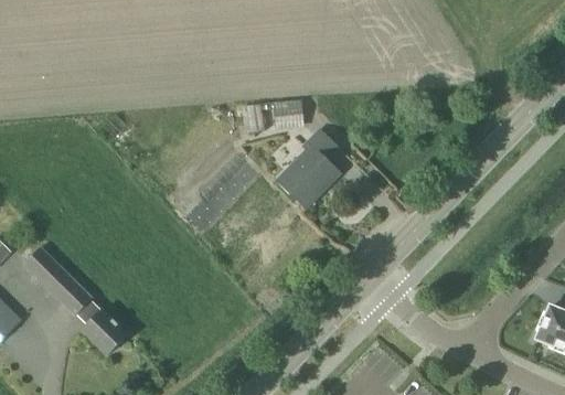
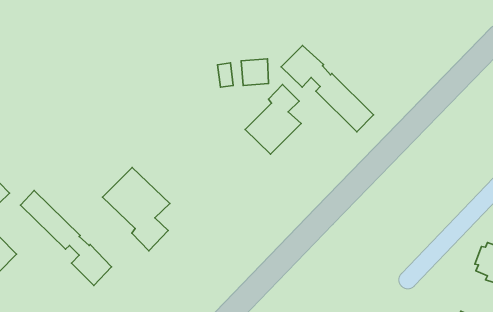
building: none -> [281,45,374,132]
building: none -> [103,167,170,251]

